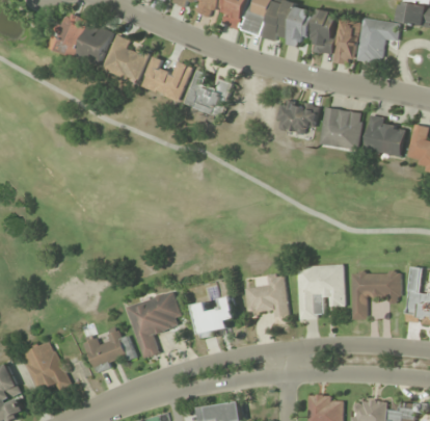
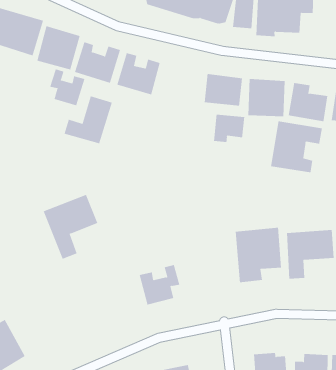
building: none -> [50,68,85,106]
building: none -> [64,95,112,144]
building: none -> [213,114,245,143]
building: none -> [271,121,322,173]
building: [245,273,289,322] -> none
building: [127,292,184,359] -> [43,194,98,259]
building: [84,330,135,370] -> none

